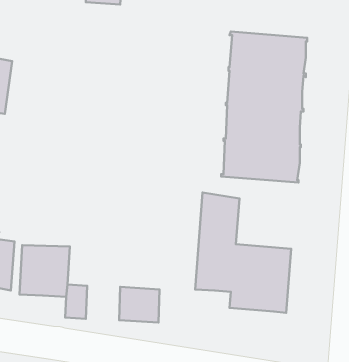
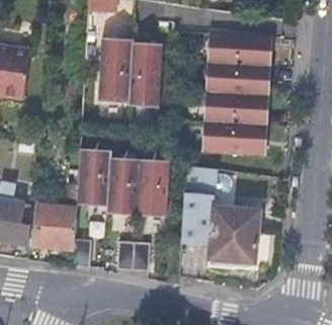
building: none -> [97,37,162,107]
building: none -> [77,148,170,216]

